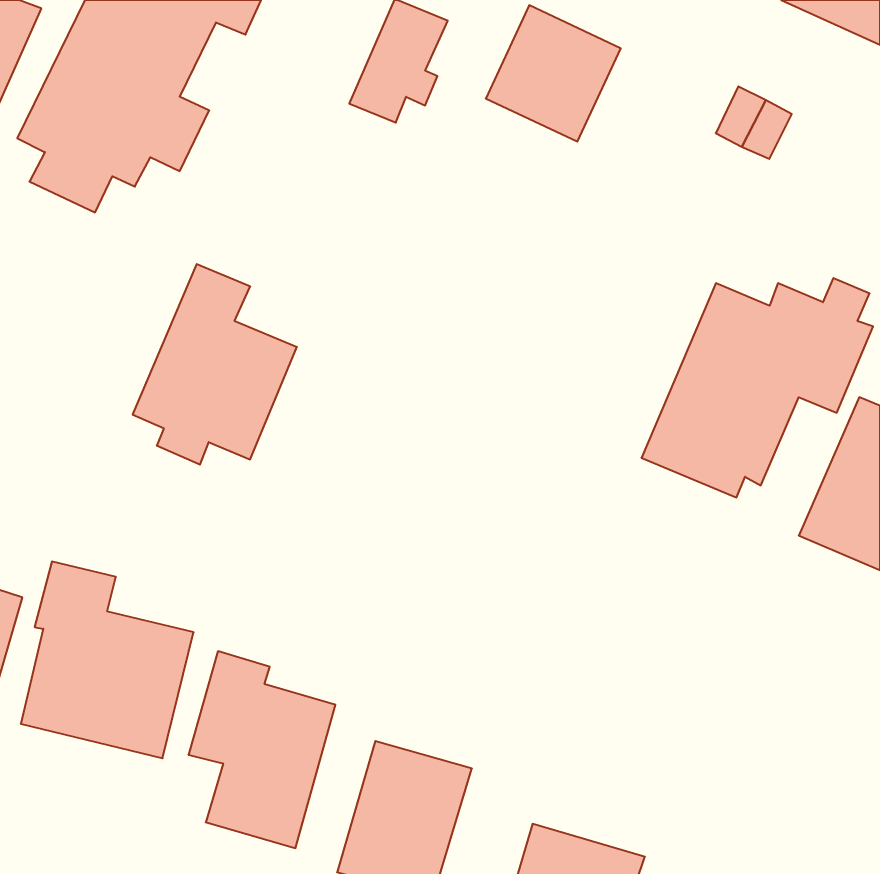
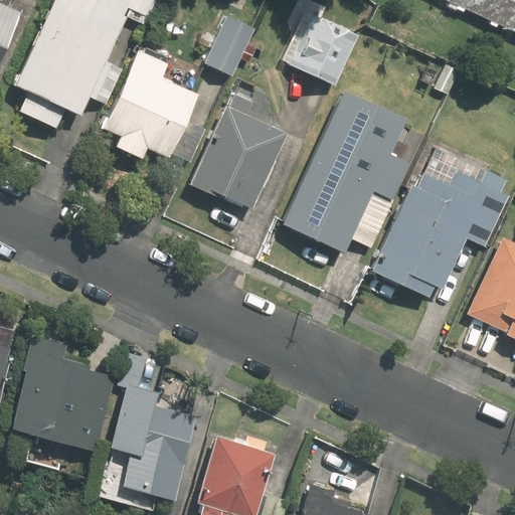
building: none -> [285,89,408,250]
building: none -> [187,91,288,214]
building: [133,264,297,465] -> [102,41,197,158]

